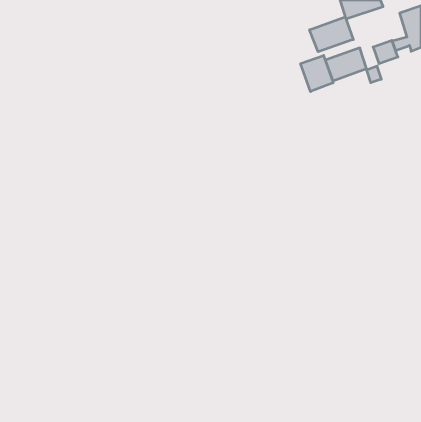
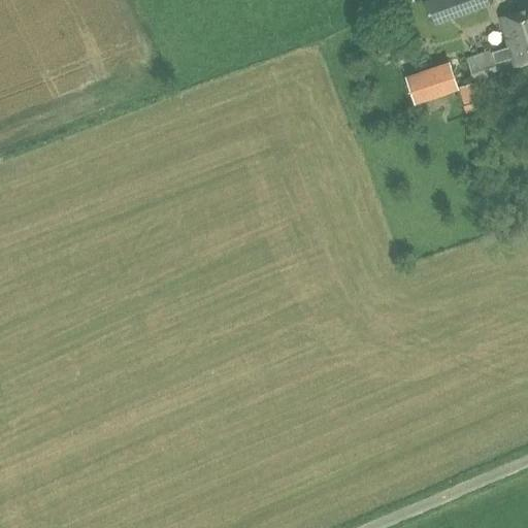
building: [310,17,353,52] -> none
building: [301,55,333,92] -> none

